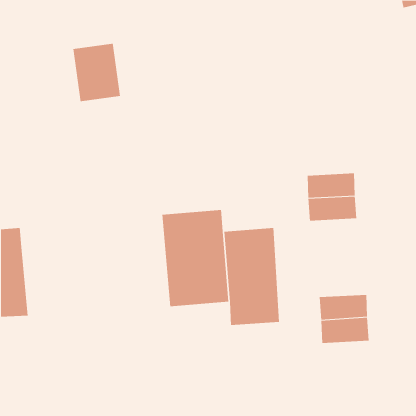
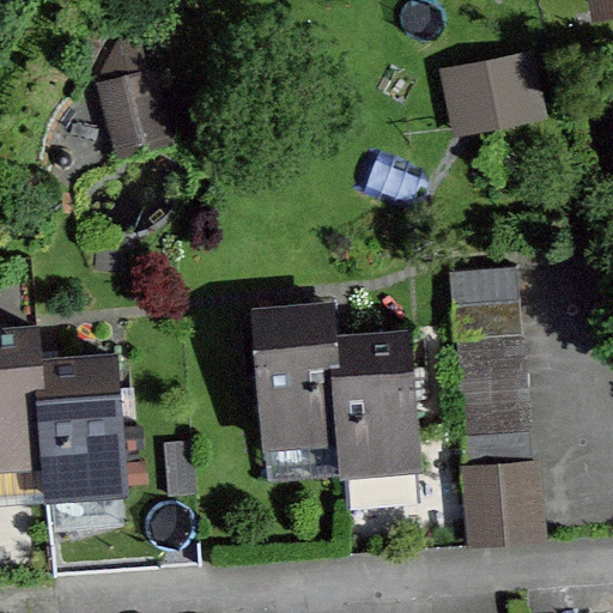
building: none -> [442,59,546,136]
building: none -> [34,357,125,504]

